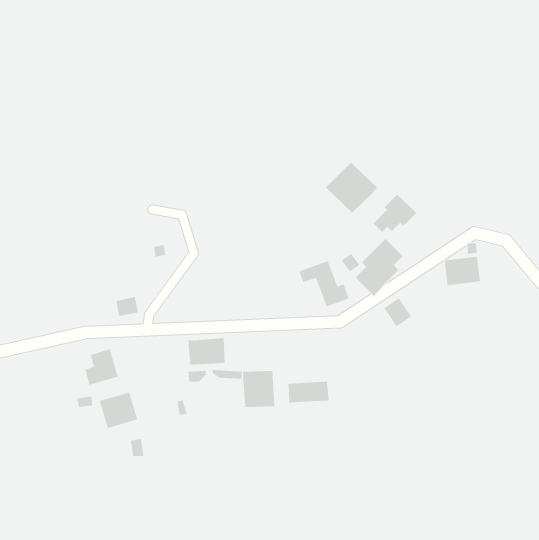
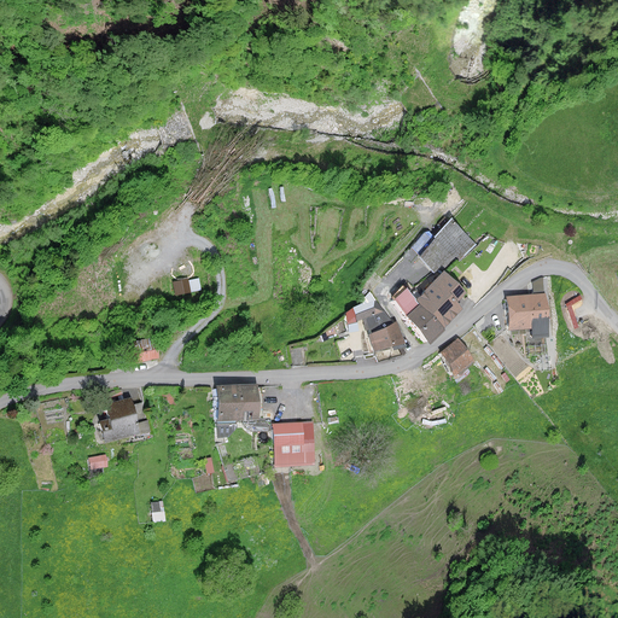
building: [325,162,378,213] -> none
building: [288,381,329,403] -> none
building: [99,392,138,429] -> none

